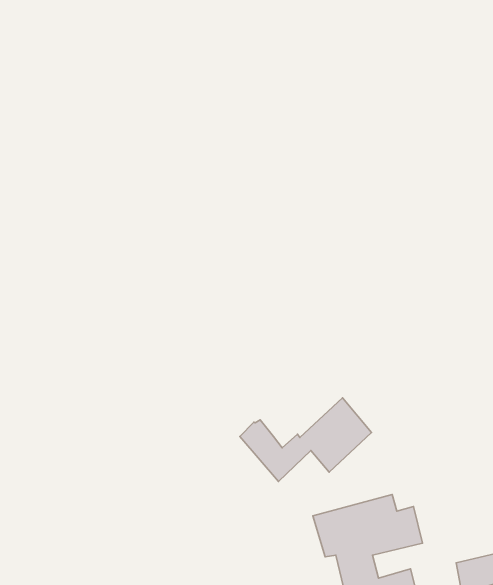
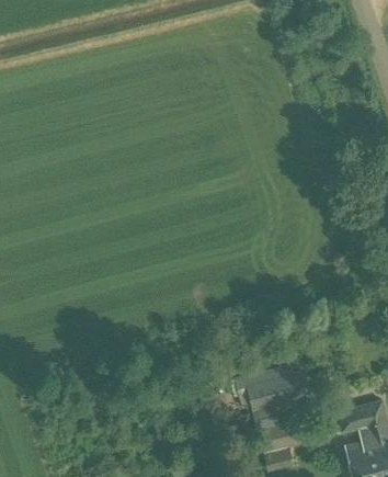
building: [240,398,372,481] -> none

